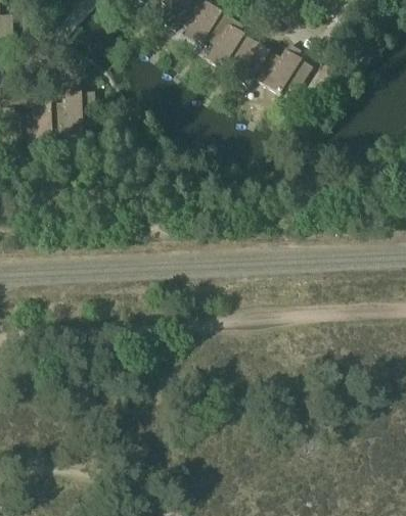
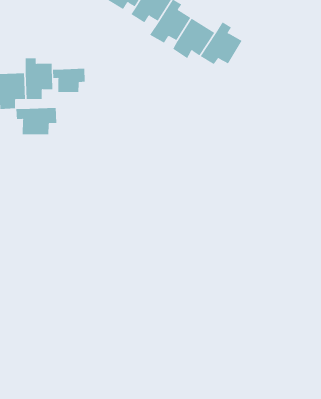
building: none -> [53,68,85,93]
building: none -> [16,107,57,135]

